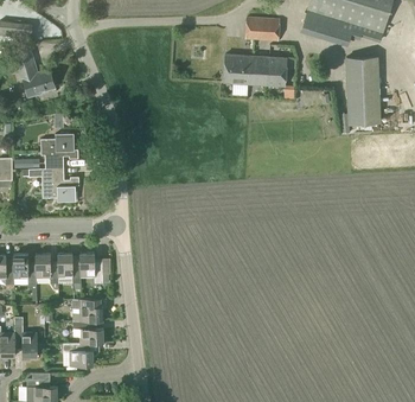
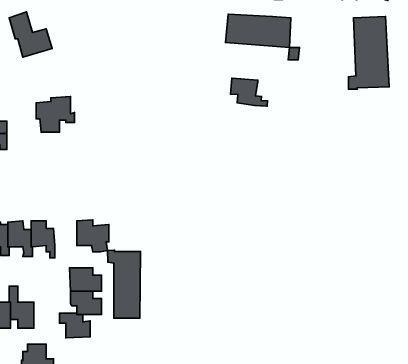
building: none -> [230,78,268,106]
building: [23,168,78,202] -> none
building: [57,254,81,283] -> none
building: none -> [108,250,141,318]

